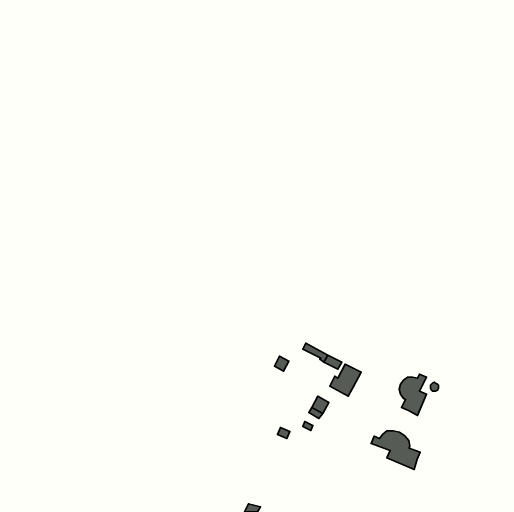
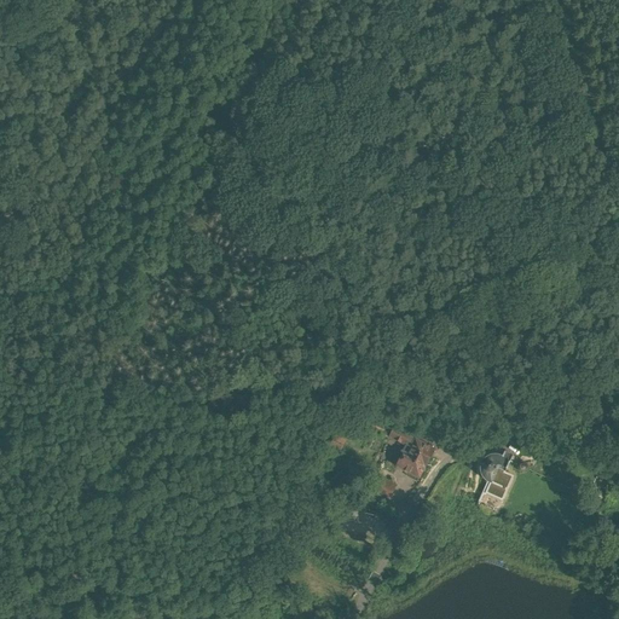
building: [371,431,420,469] -> none

